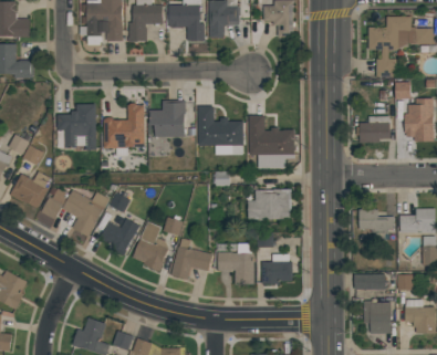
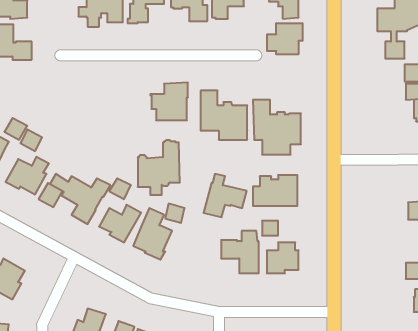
building: none -> [267,23,302,54]
building: [104,103,145,156] -> [138,140,180,195]
building: [58,104,96,152] -> none
building: [356,116,389,143] -> none
building: [358,209,394,241] -> none
building: [170,238,212,280] -> [203,174,247,217]
building: [354,274,385,290] -> none
building: [364,301,391,333] -> none

